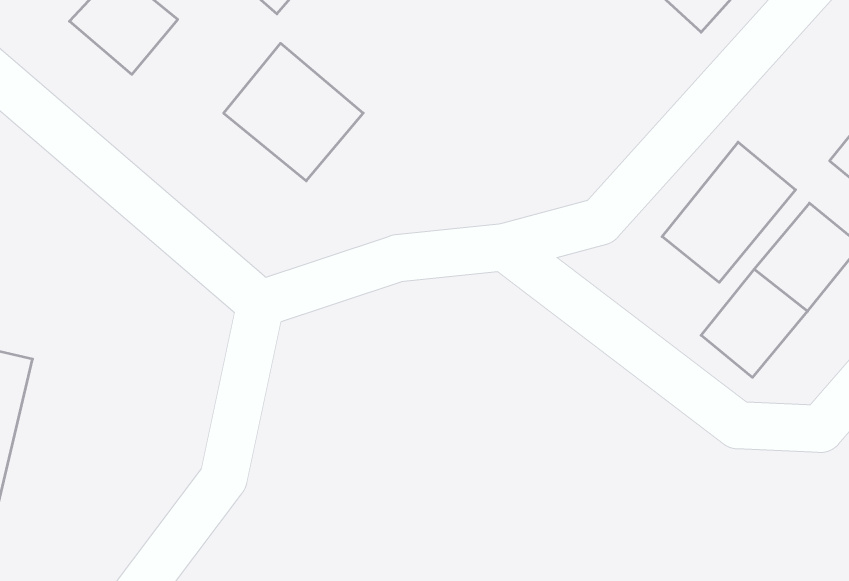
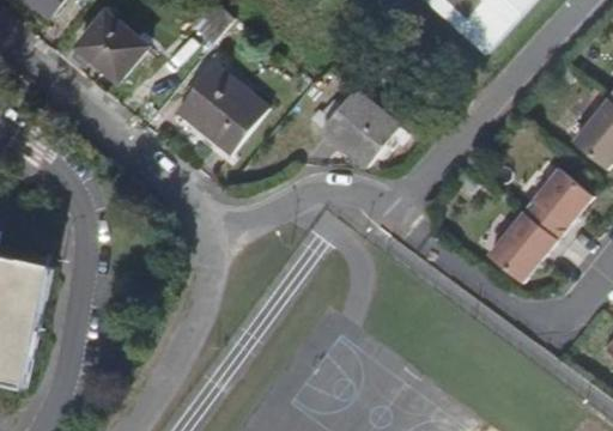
building: none -> [324,95,400,170]
building: [662,142,796,282] -> none

